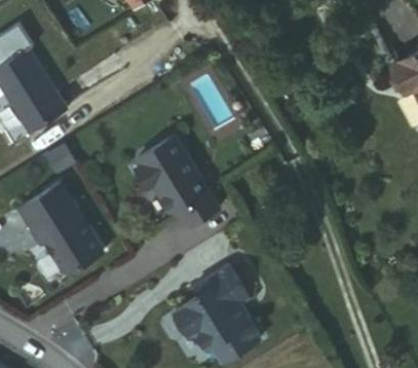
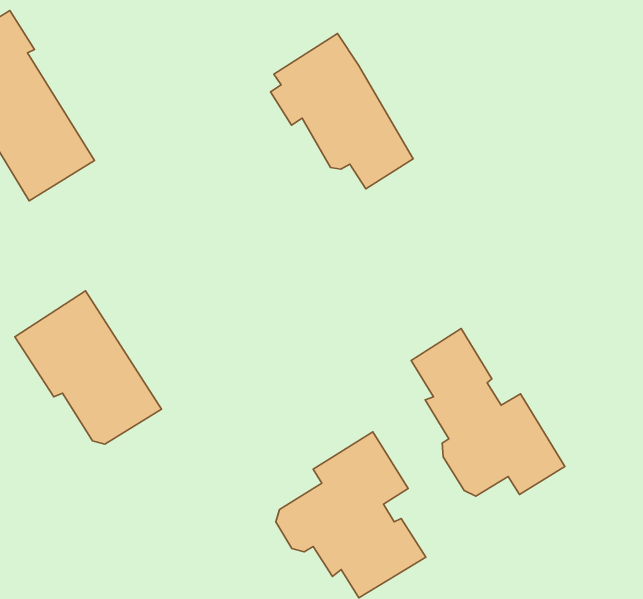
building: [135,135,218,225] -> [270,34,413,189]
building: none -> [411,329,565,496]

